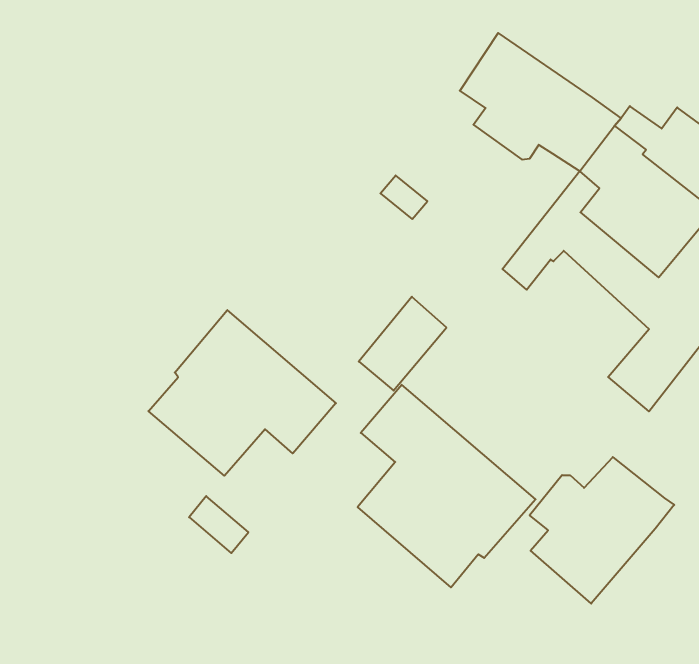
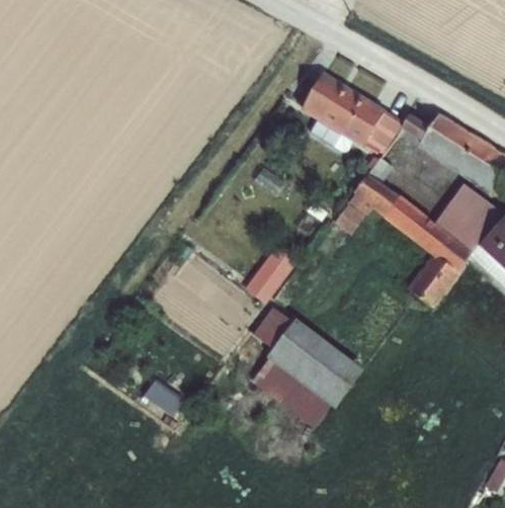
building: [148,310,336,476] -> none
building: [530,457,674,604] -> none

